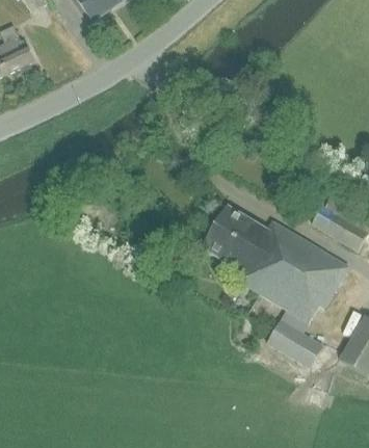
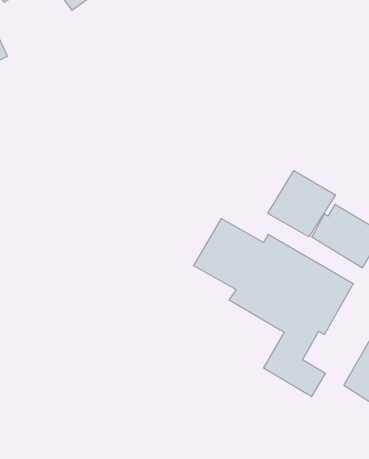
building: none -> [268,171,335,237]

